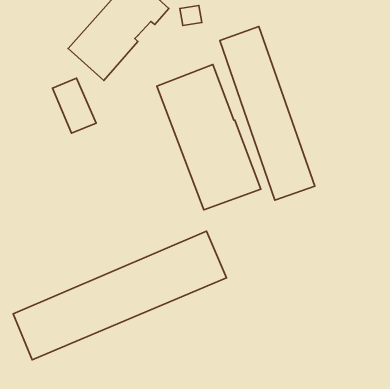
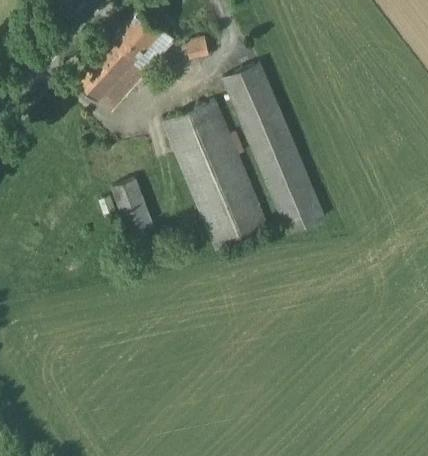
building: [52,78,96,133] -> [110,179,154,234]
building: [13,231,226,360] -> none

